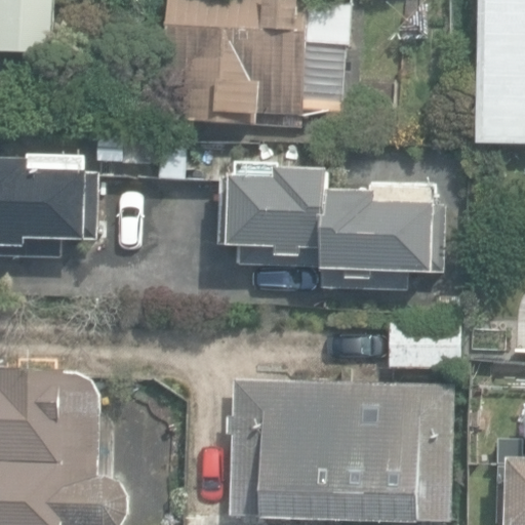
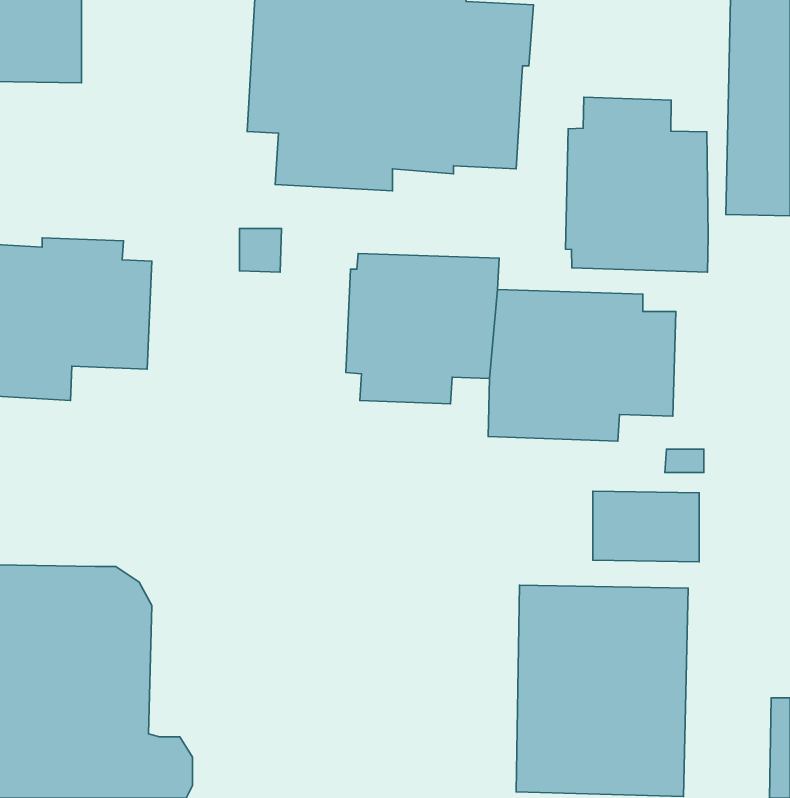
building: none -> [565,97,708,272]
building: [229,380,340,519] -> none

